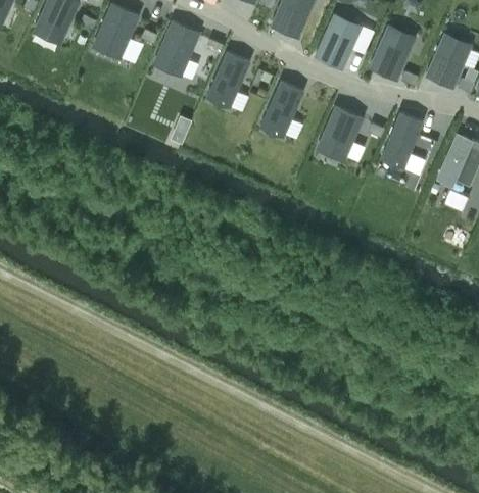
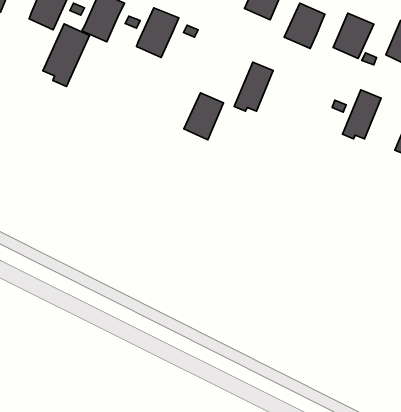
building: none -> [43,24,89,87]
building: [207,52,251,104] -> [184,93,224,140]
building: [318,105,364,161] -> none

